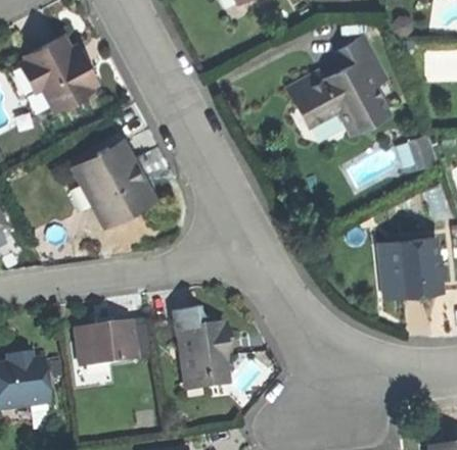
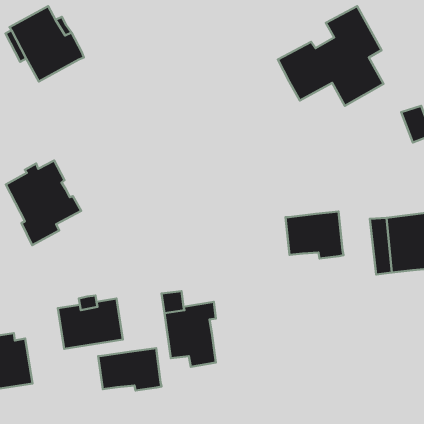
building: [79,144,152,227] -> [6,160,81,245]
building: none -> [285,211,343,258]
building: none -> [98,348,162,391]

